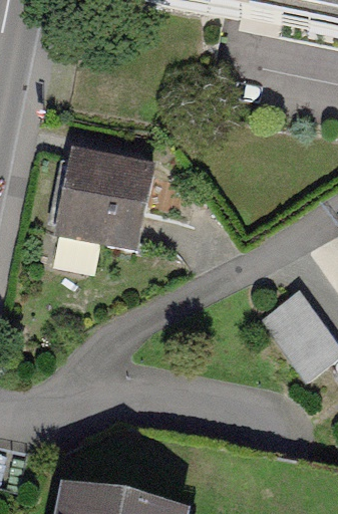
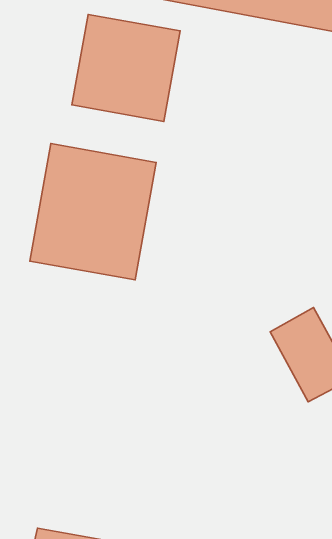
building: none -> [72,14,180,121]

